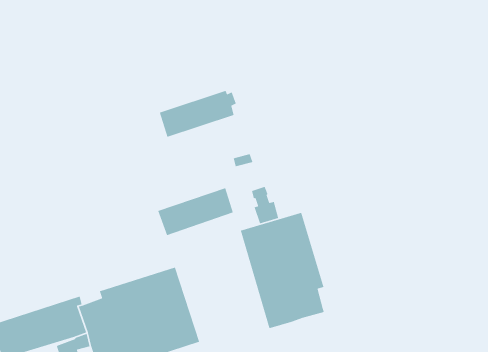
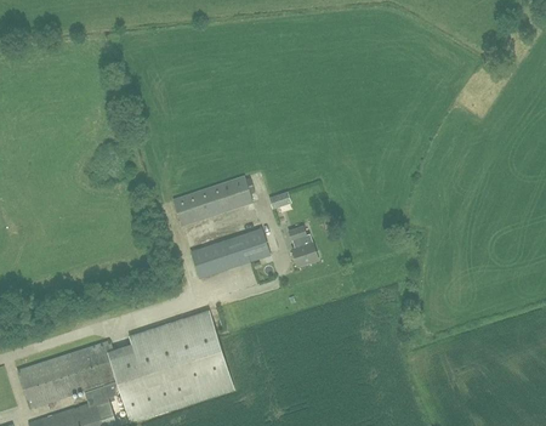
building: [159,90,237,138] -> [172,176,254,226]
building: [240,212,325,329] -> none

